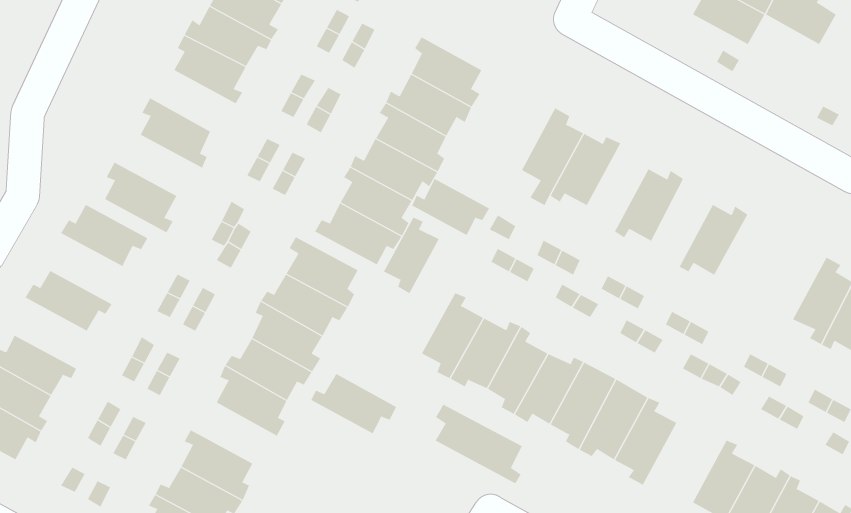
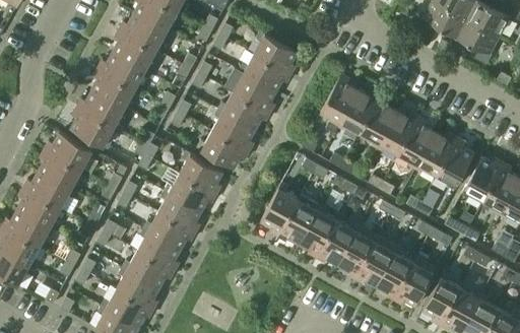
building: none -> [456,18,499,65]
building: none -> [98,52,149,88]
building: none -> [76,90,129,127]
building: none -> [360,95,396,148]
building: [412,178,490,236] -> none
building: none -> [398,117,435,170]
building: none -> [436,138,473,191]
building: [383,217,439,294] -> none
building: none -> [38,149,81,192]
building: none -> [460,156,503,201]
building: none -> [16,188,60,230]
building: [310,373,397,434] -> [122,251,174,287]
building: [435,404,522,484] -> none
building: none -> [393,263,436,307]

